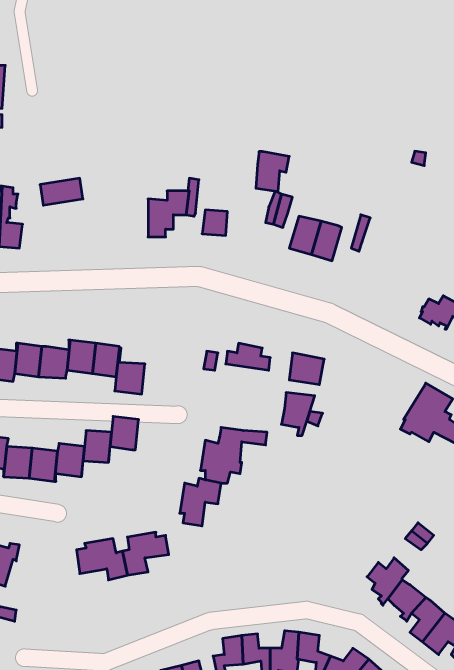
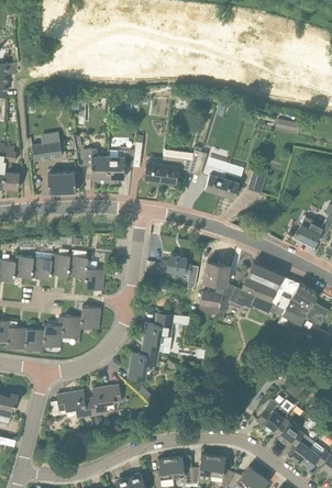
building: [256,152,289,191] -> [161,155,184,182]
building: none -> [84,149,107,181]
building: none -> [48,173,82,192]
building: none -> [229,262,298,315]

